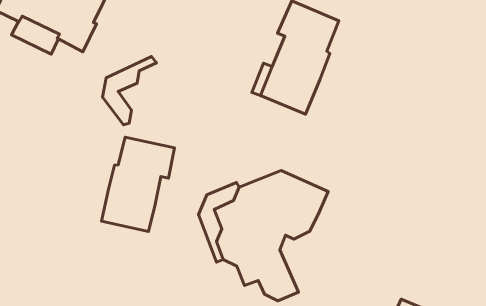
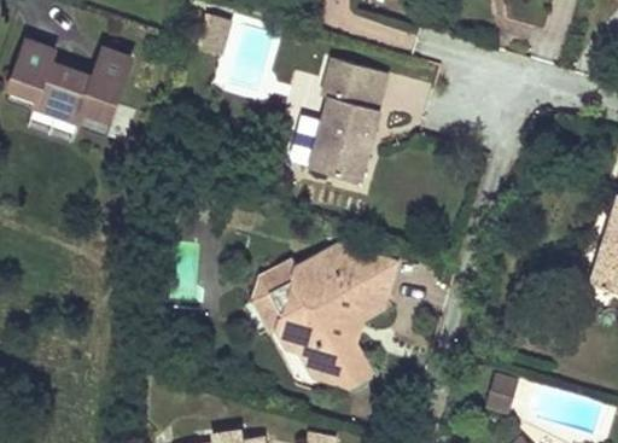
building: [103,57,157,125] -> none
building: [101,137,175,231] -> none

